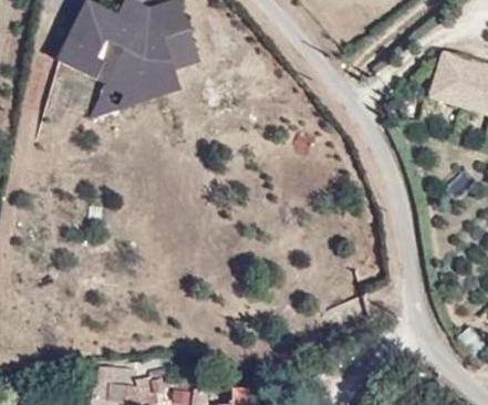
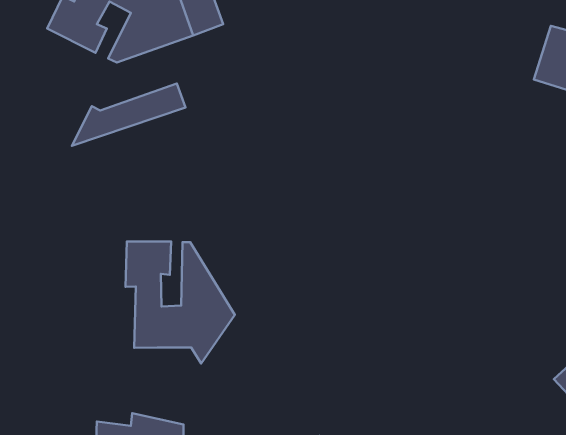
building: [90,69,178,117] -> [72,83,185,146]
building: none -> [125,241,235,363]

